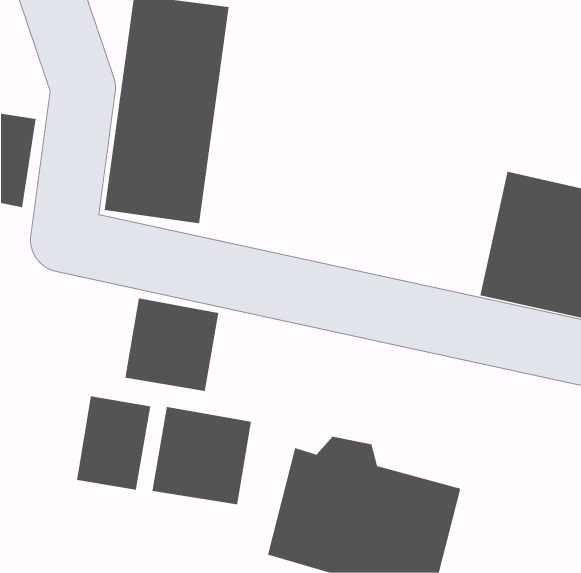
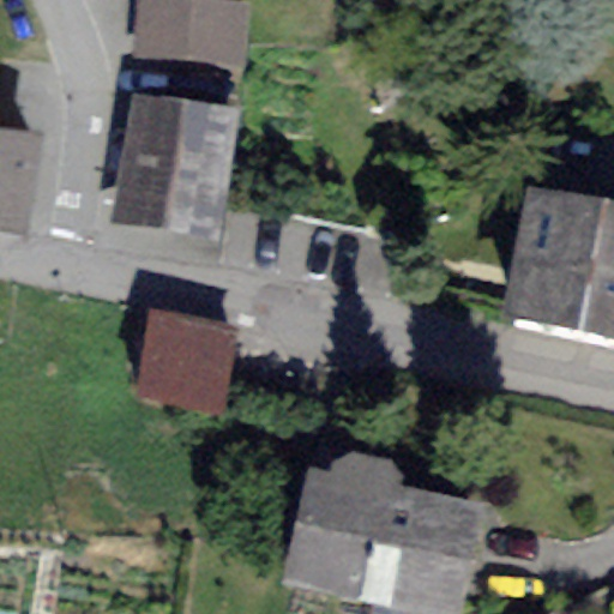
building: [77,396,151,490] -> none
building: [152,406,252,505] -> none

